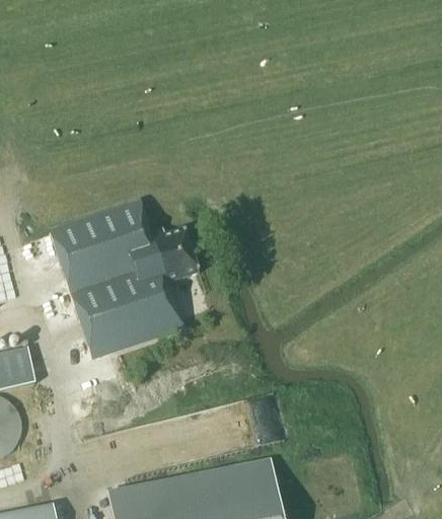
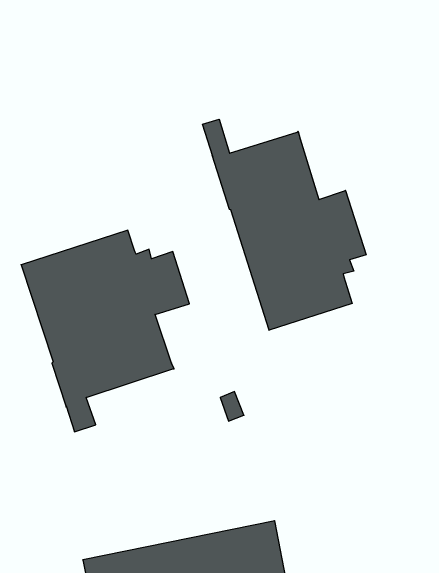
building: none -> [202,119,366,330]

